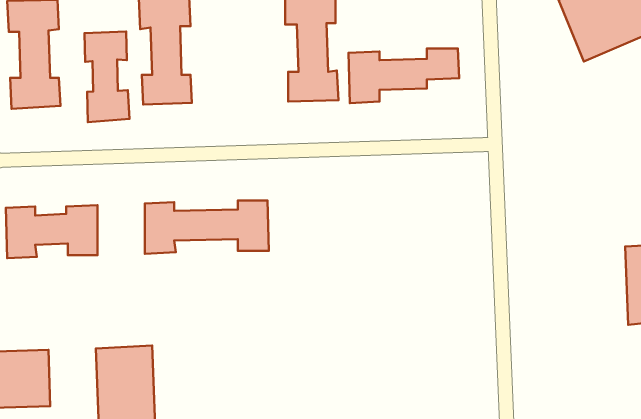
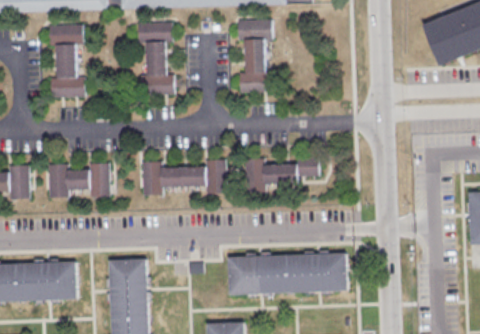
building: [85,31,130,122] -> none
building: [348,48,459,103] -> [244,156,319,193]
building: none -> [227,252,347,294]

